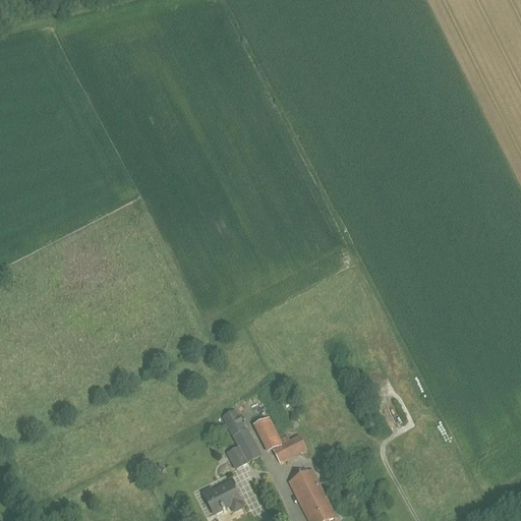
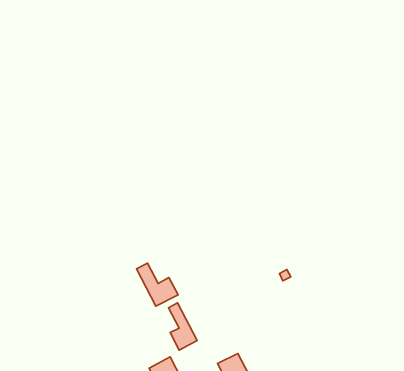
building: none -> [136,263,178,306]
building: [259,420,306,459] -> none

